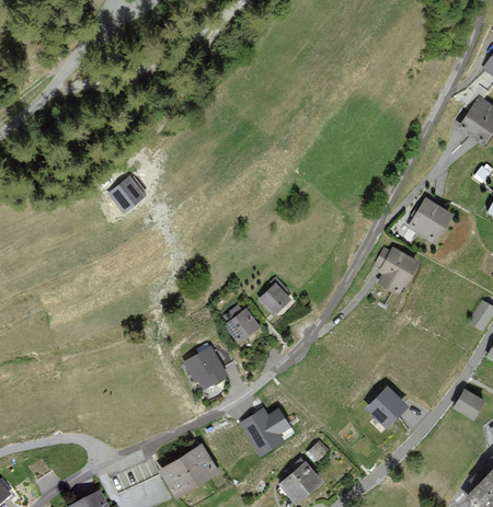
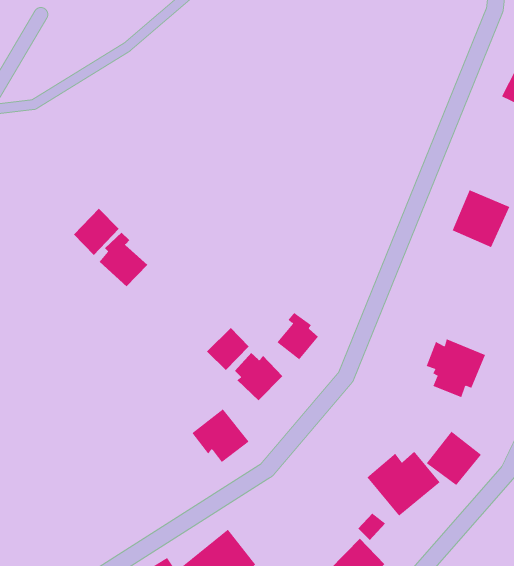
building: none -> [99,232,148,287]
building: [374,246,422,295] -> [426,339,486,398]
building: none -> [206,327,250,371]
building: [238,404,296,454] -> [366,451,441,517]

